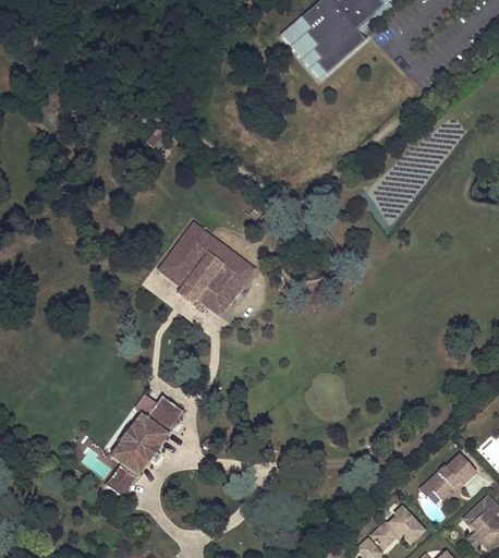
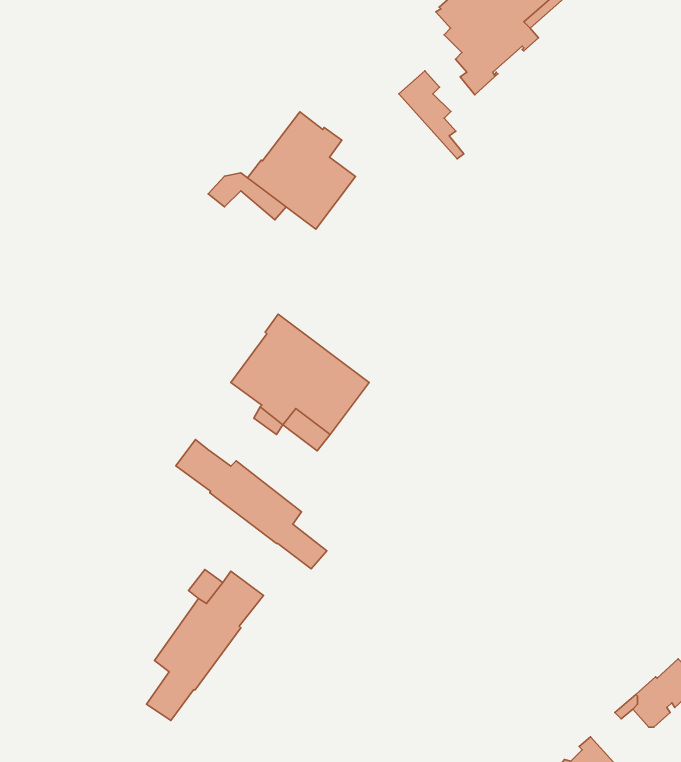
building: [281,20,325,78] -> [399,71,464,159]
building: none -> [247,112,356,229]
building: none -> [176,440,327,569]

